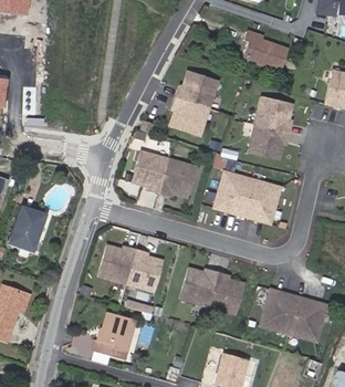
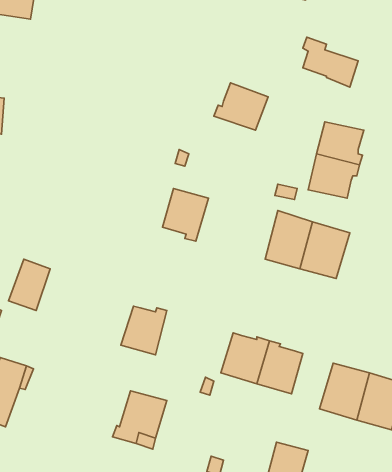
building: [168,94,207,132] -> none
building: [159,159,196,198] -> none
building: [127,249,164,292] -> none

